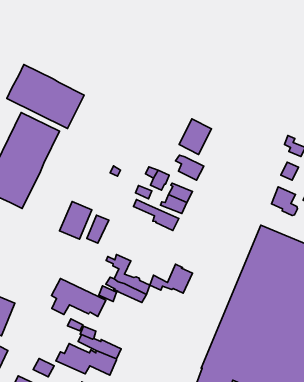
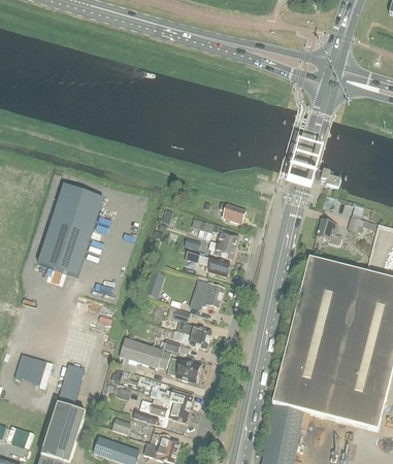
building: [7,65,84,128] -> none
building: [179,119,212,154] -> none
building: [60,201,92,239] -> none
building: [150,264,192,293] -> [185,281,224,308]
building: none -> [167,357,201,382]

